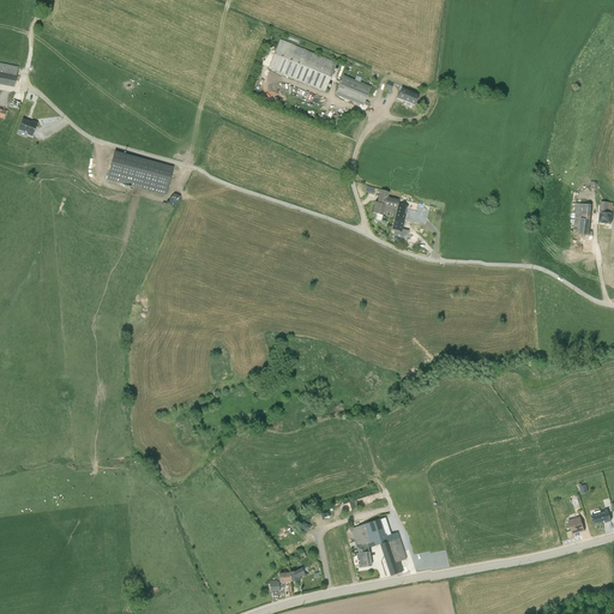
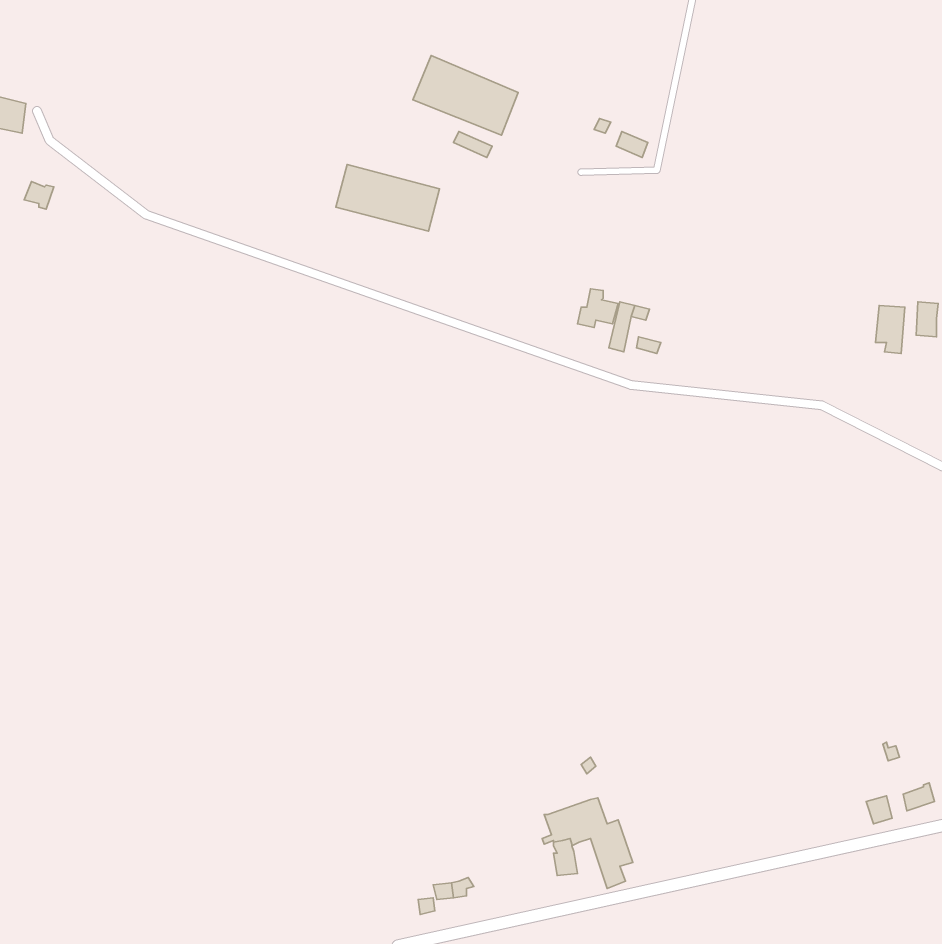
building: [338,74,372,103] -> none
building: [107,151,174,194] -> [336,165,440,231]

